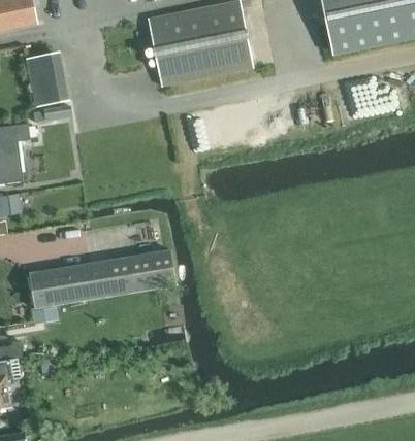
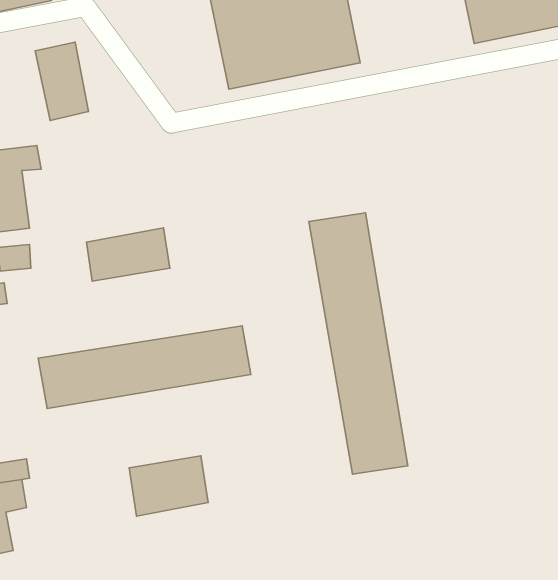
building: none -> [309,213,408,474]
building: none -> [86,228,170,281]
building: none -> [129,456,208,516]

